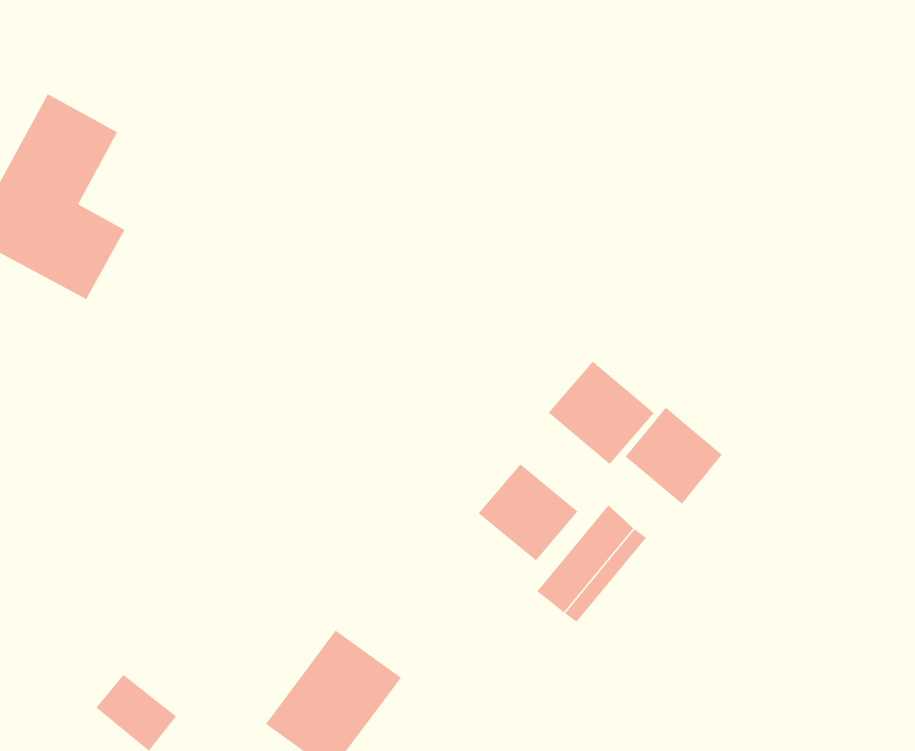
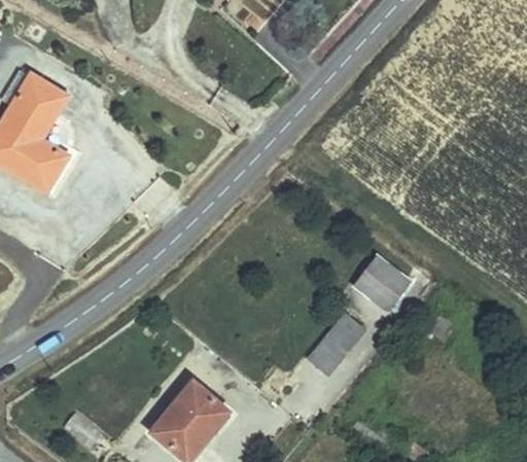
building: [548,361,654,465] -> none
building: [478,464,578,561] -> none

